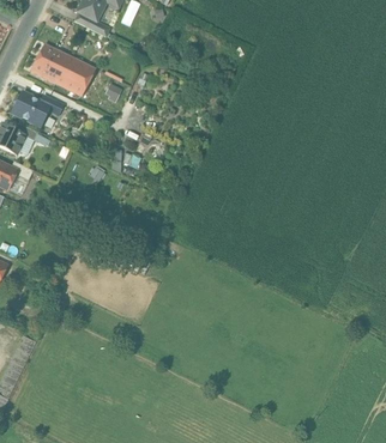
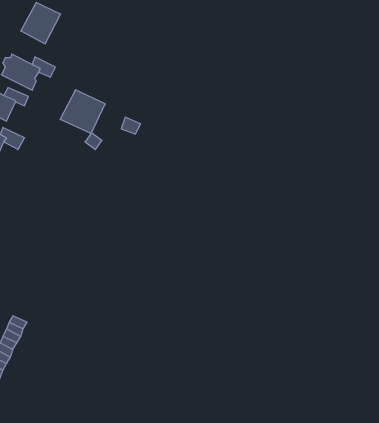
building: [53,54,95,95] -> [60,90,105,134]

